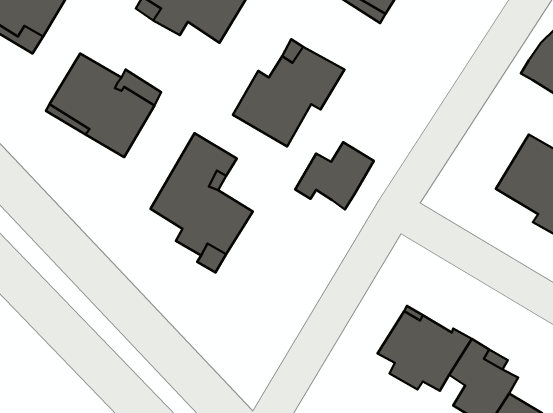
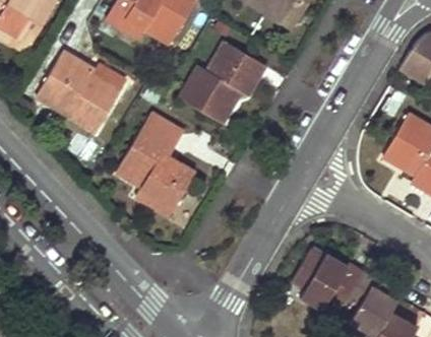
building: [295,142,374,210] -> none

